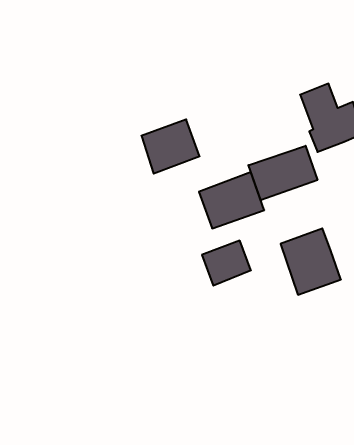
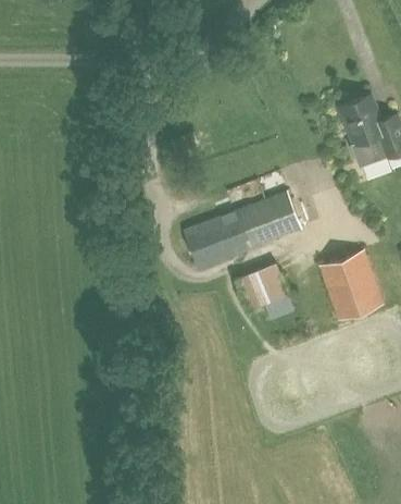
building: [141,119,200,174] -> [185,211,247,269]
building: [248,146,317,200] -> none

